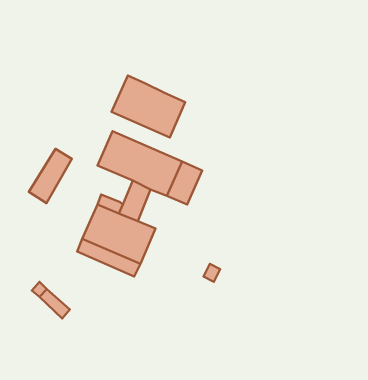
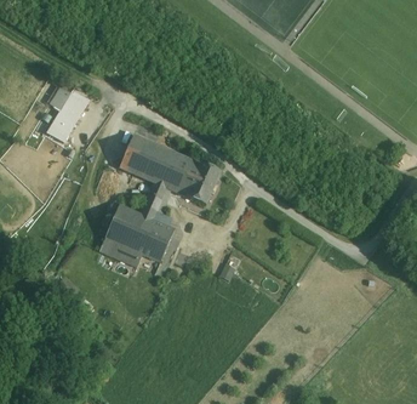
building: [112,76,185,138] -> none
building: [29,149,72,203] -> [45,90,86,142]

